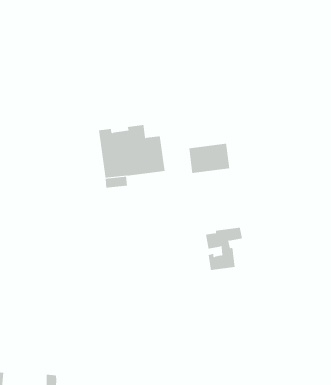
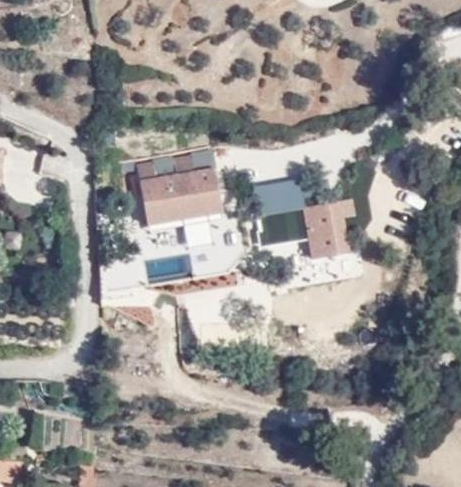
building: [205,227,243,271] -> [307,202,353,255]

